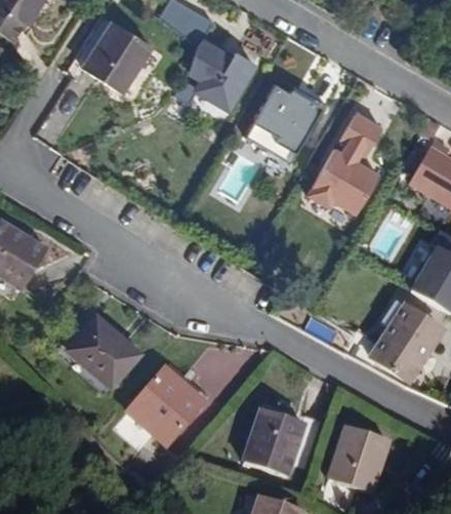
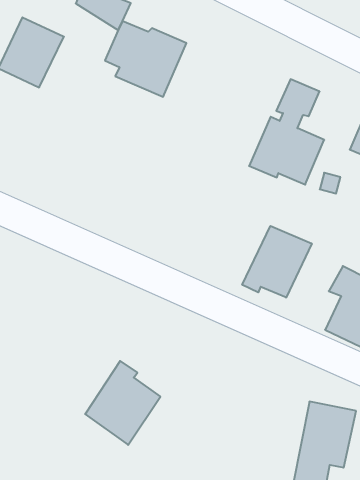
building: [250,81,327,162] -> none
building: none -> [242,226,312,298]
building: [65,312,137,386] -> none
building: [240,407,322,476] -> none

